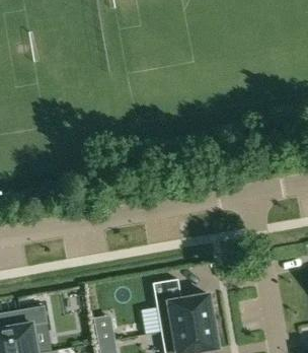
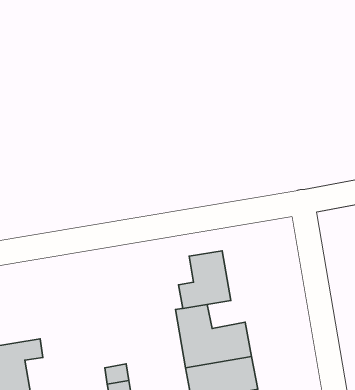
building: none -> [178,251,231,308]

